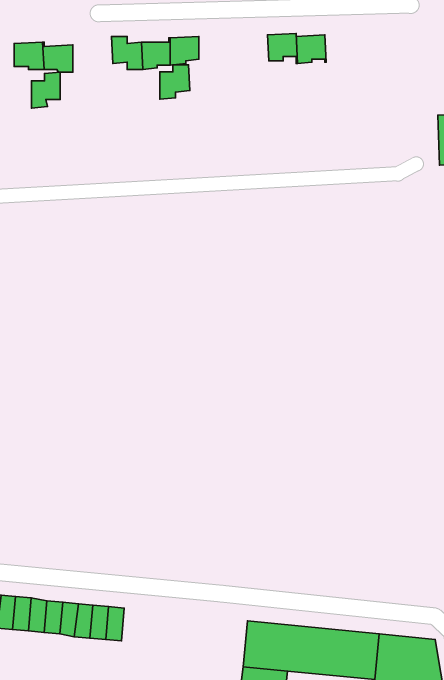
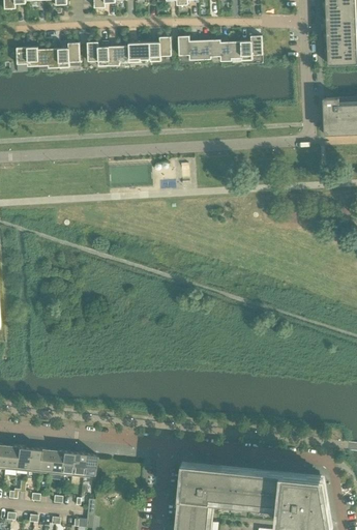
building: none -> [177,35,200,59]
building: none -> [240,35,262,60]
building: [160,65,190,99] -> [149,36,171,61]
building: [32,72,60,108] -> [58,41,79,67]

